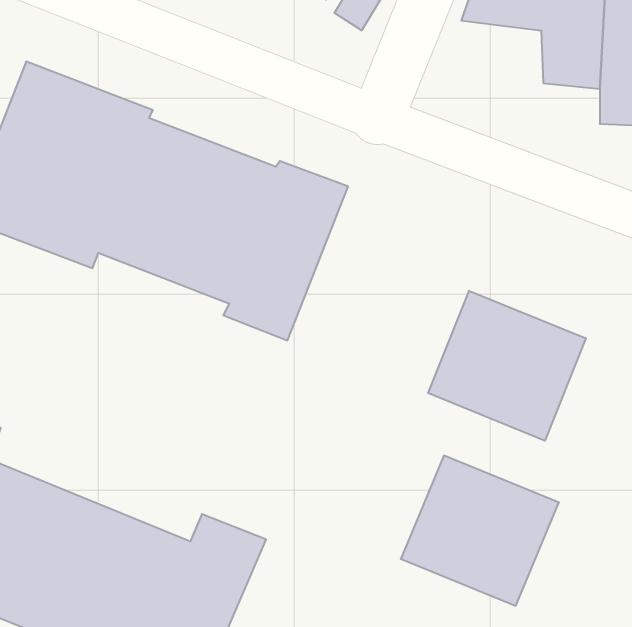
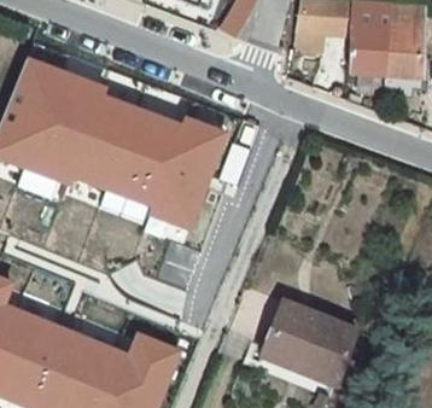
building: [428,291,586,441] -> none

